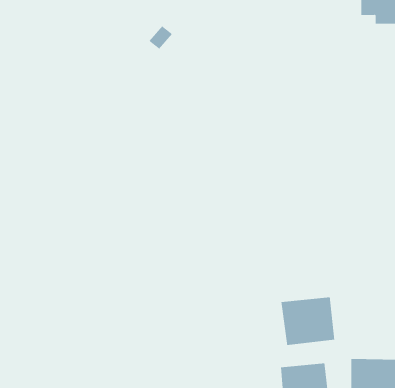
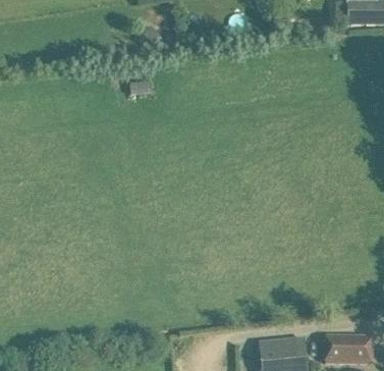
building: [281,297,335,346] -> none

